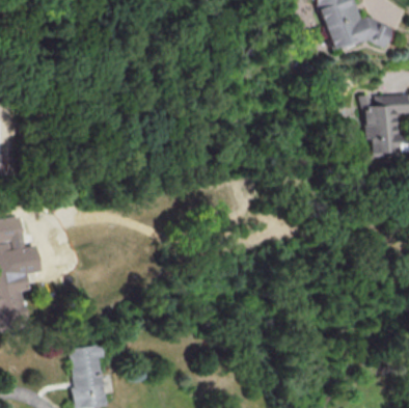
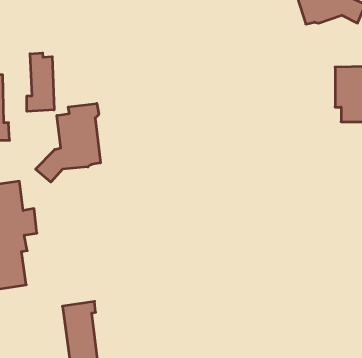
building: none -> [27,53,54,111]
building: none -> [36,103,100,182]

